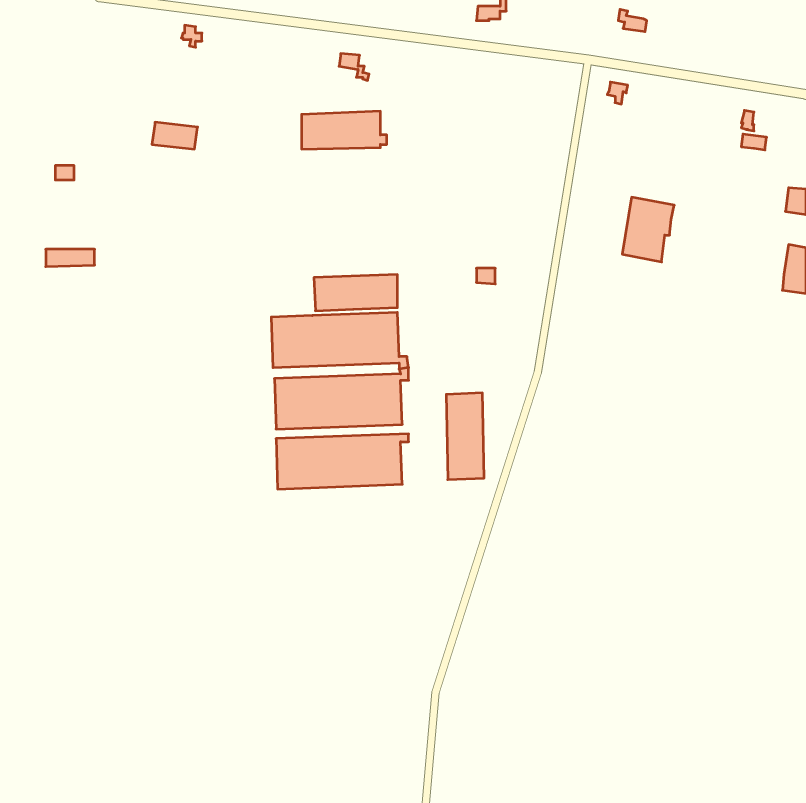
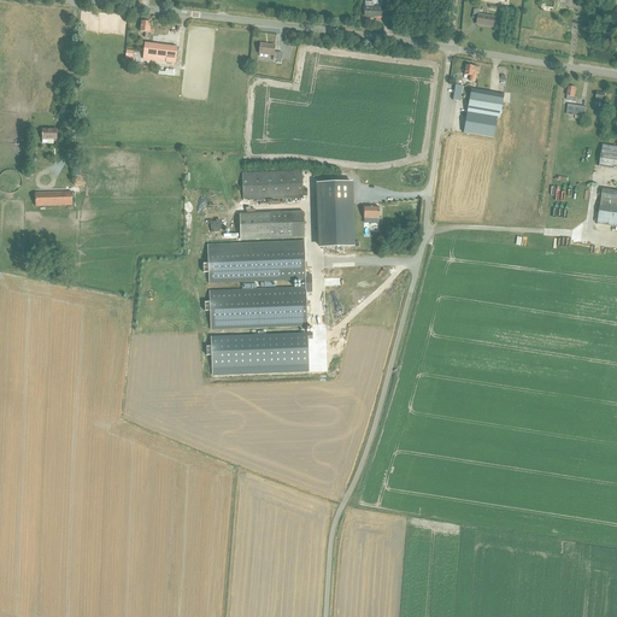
building: [302,111,387,149] -> [242,169,307,198]
building: [152,122,198,149] -> [142,41,177,61]
building: [622,197,674,262] -> [464,87,504,136]
building: [446,393,484,480] -> [324,180,353,246]

